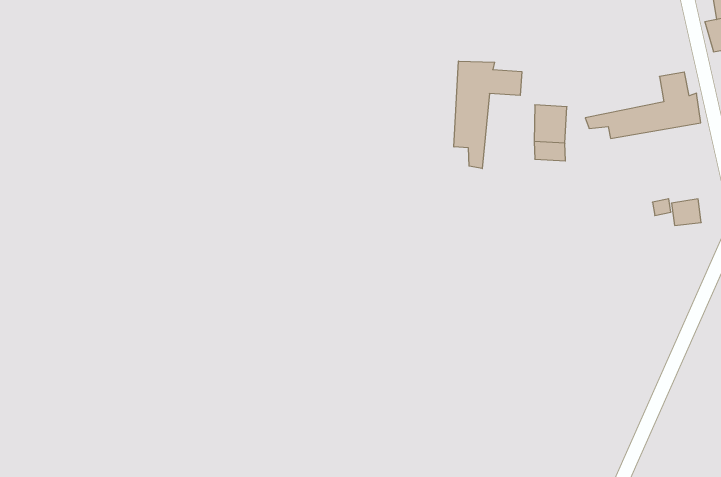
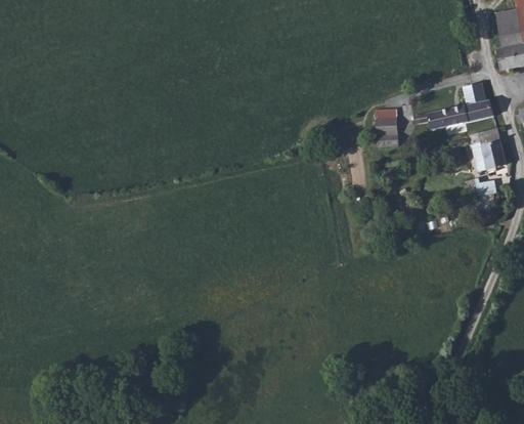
building: [454,61,522,169] -> none
building: none -> [472,129,507,170]

